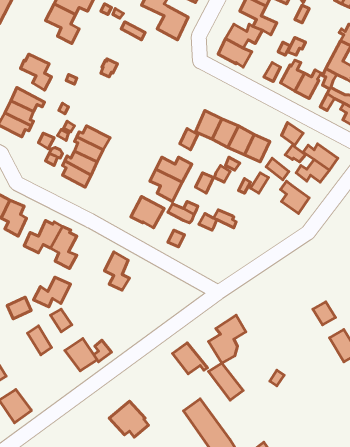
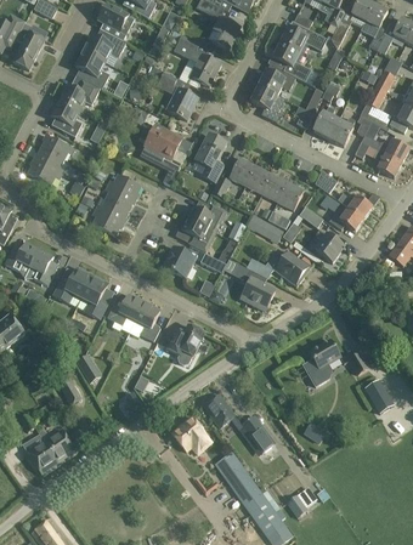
building: none -> [58,85,97,110]
building: none -> [166,87,197,120]
building: none -> [143,125,186,184]
building: none -> [194,134,225,181]
building: none -> [272,249,310,285]
building: none -> [241,278,275,310]
building: none -> [165,324,204,364]
building: [33,277,71,307] -> [107,294,145,324]
building: [209,315,246,363] -> [301,337,339,386]
building: [65,338,97,371] -> [45,428,78,461]
building: [109,401,149,437] -> [171,415,211,452]

